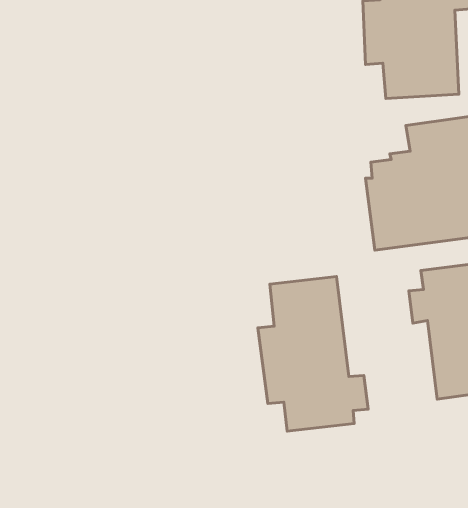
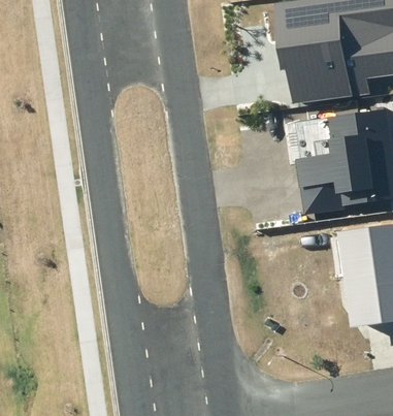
building: [258,276,368,431] -> none

